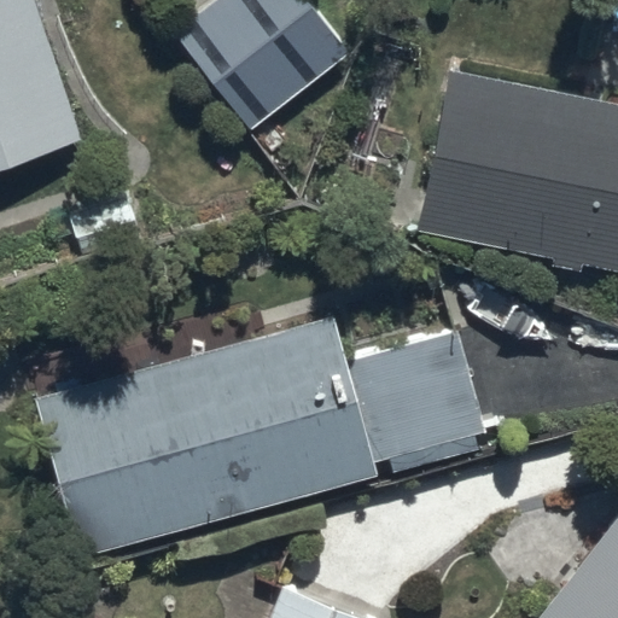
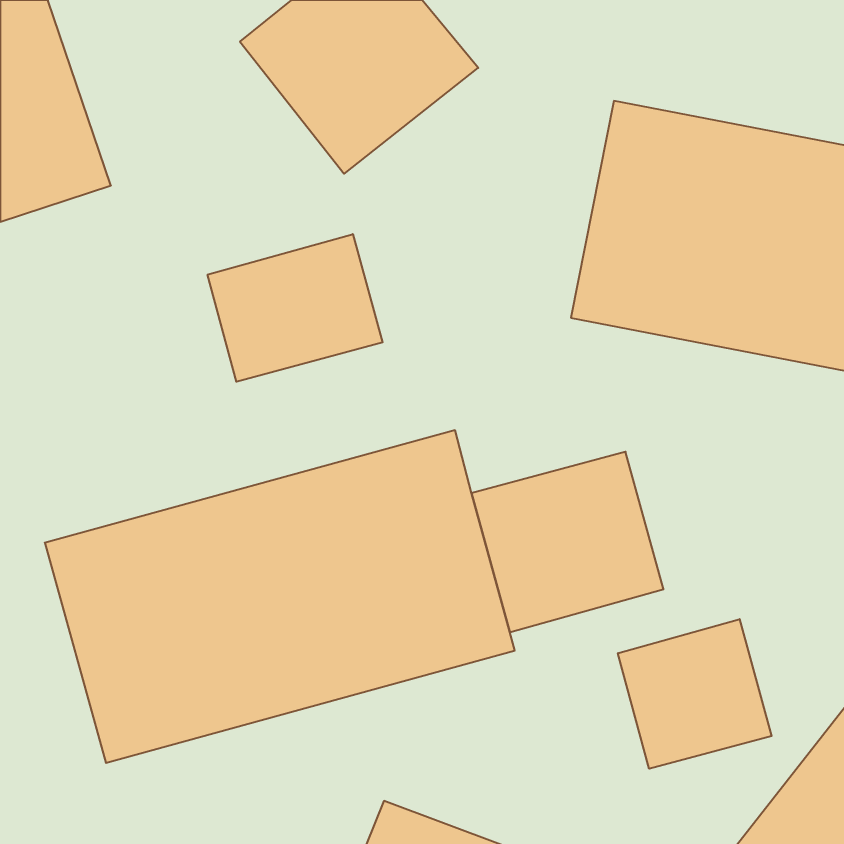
building: none -> [208,234,383,382]
building: none -> [618,619,772,769]

